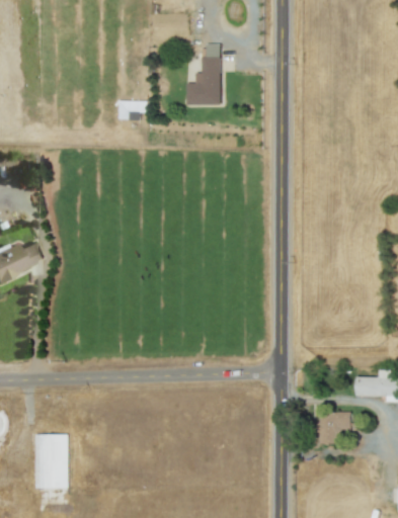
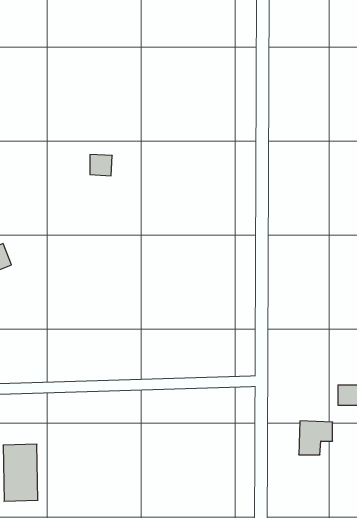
building: [188,57,223,105] -> none
building: [121,101,142,121] -> [90,155,112,176]

